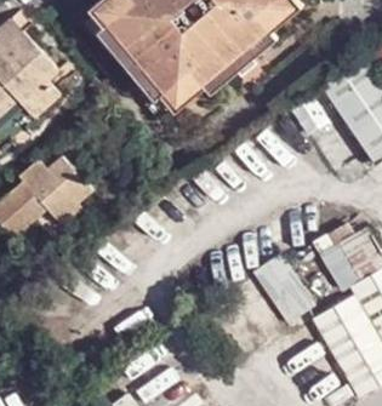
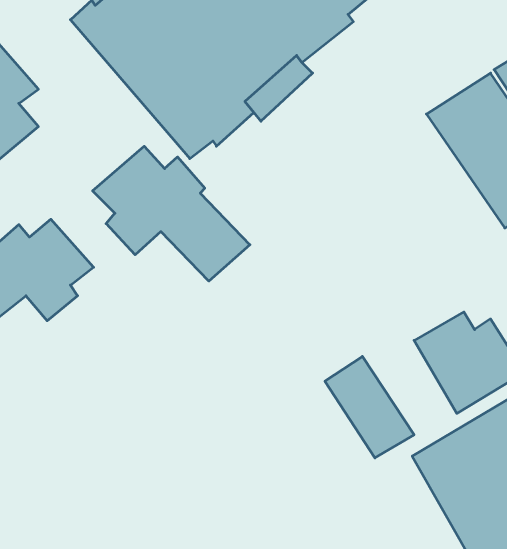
building: none -> [93,146,250,281]

